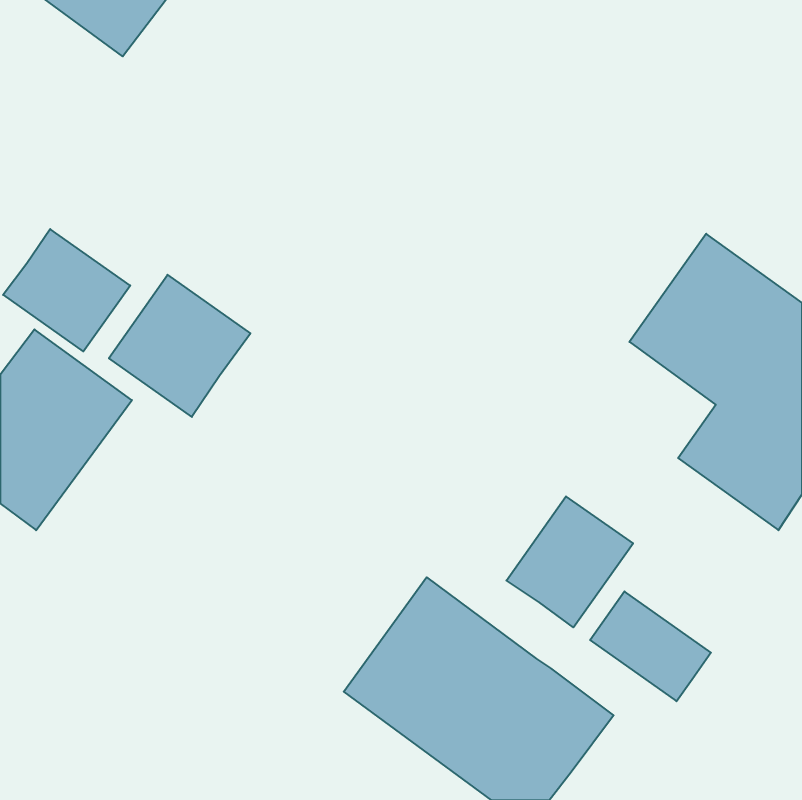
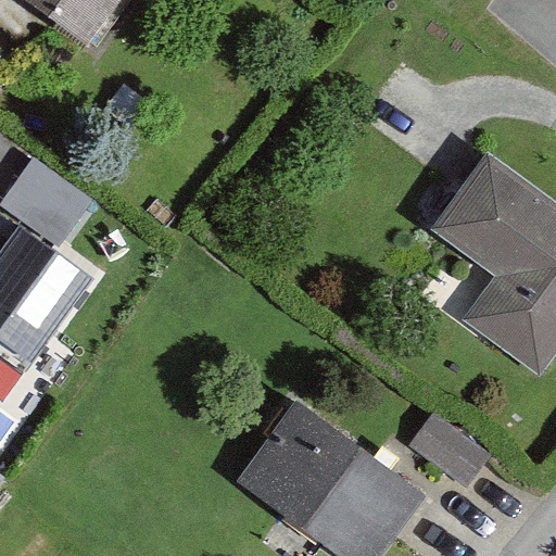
building: [109,275,250,417] -> none
building: [506,496,633,627] -> none

